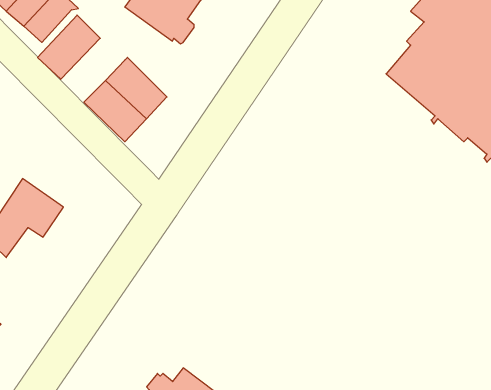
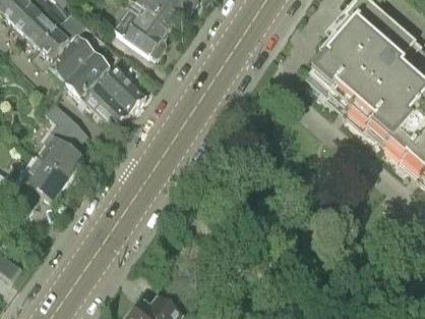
building: none -> [65,53,113,101]
building: none -> [37,102,84,179]

